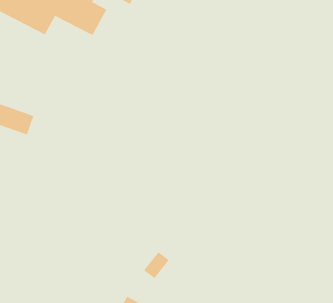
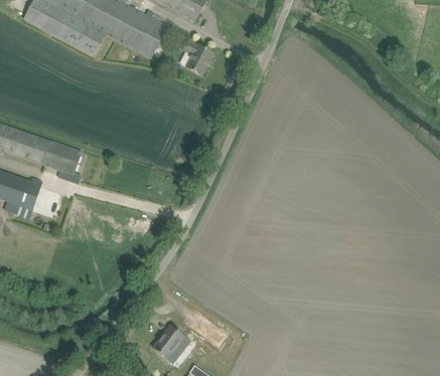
building: none -> [183,40,213,75]
building: [143,252,169,279] -> [153,326,184,358]

